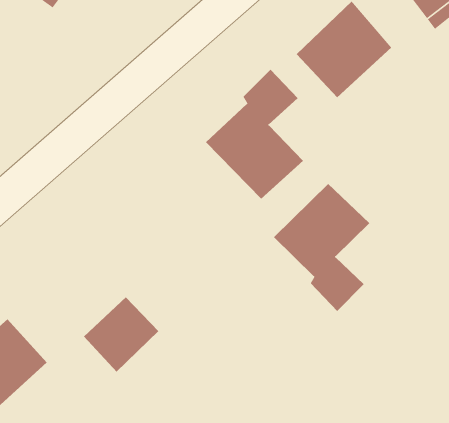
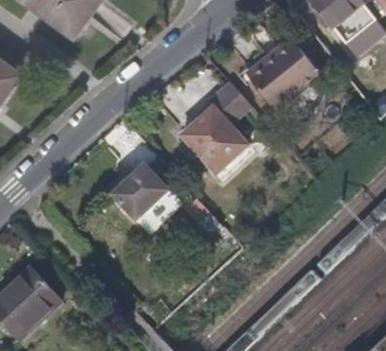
building: [273,183,370,312] -> none
building: [83,296,159,373] -> [110,165,167,222]

